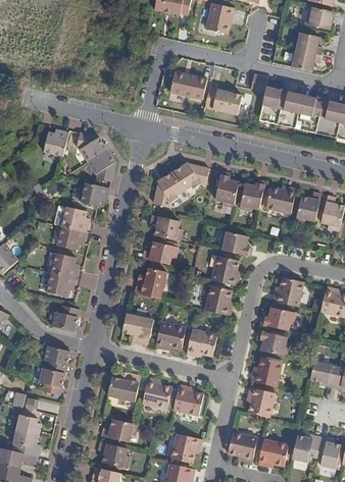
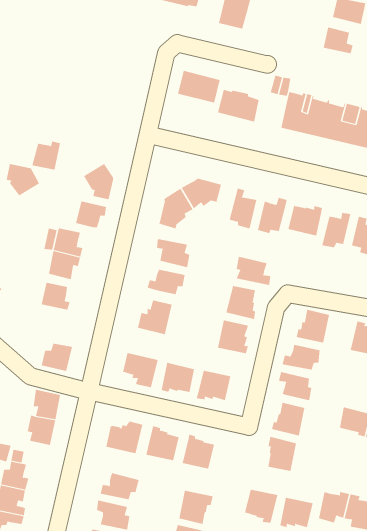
building: [292,50,321,71] -> none
building: [77,132,106,161] -> [6,163,40,196]
building: [46,272,75,297] -> none

